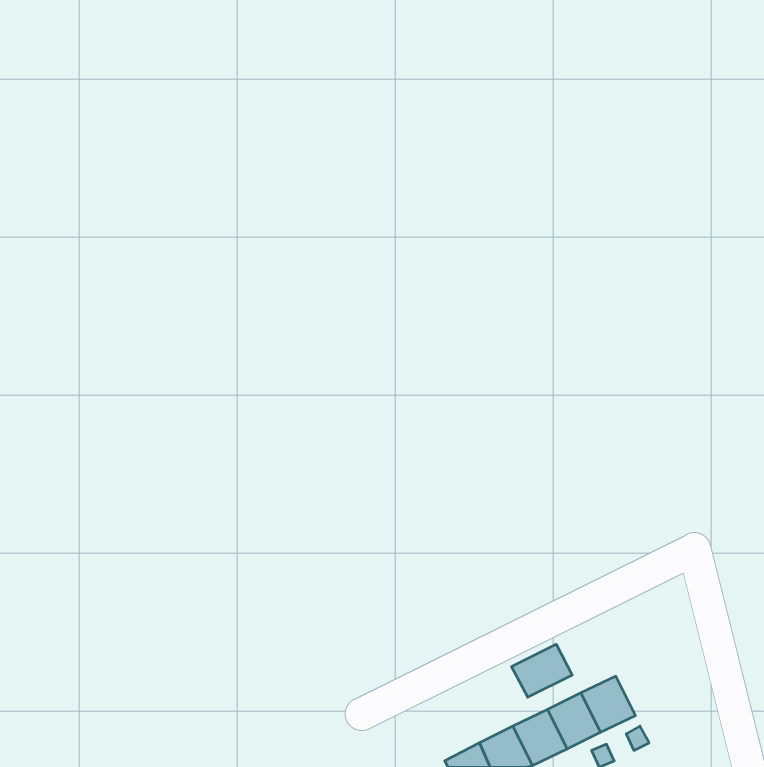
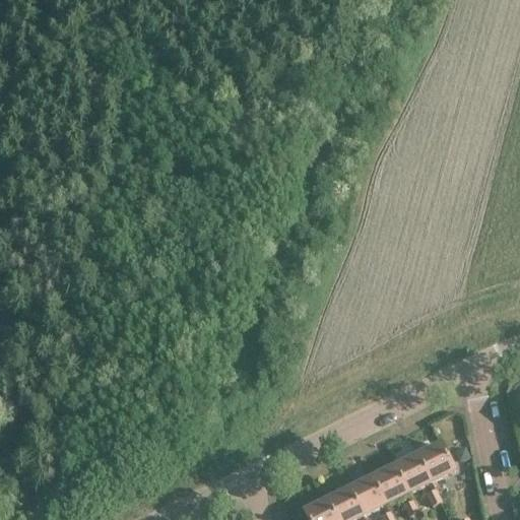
building: [512,644,572,697] -> none
building: none -> [413,443,449,480]

